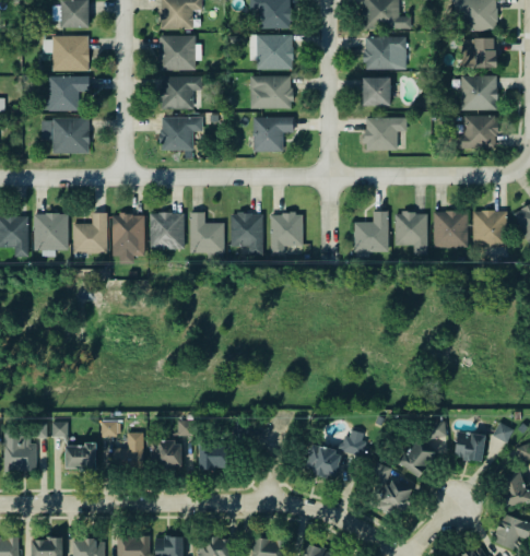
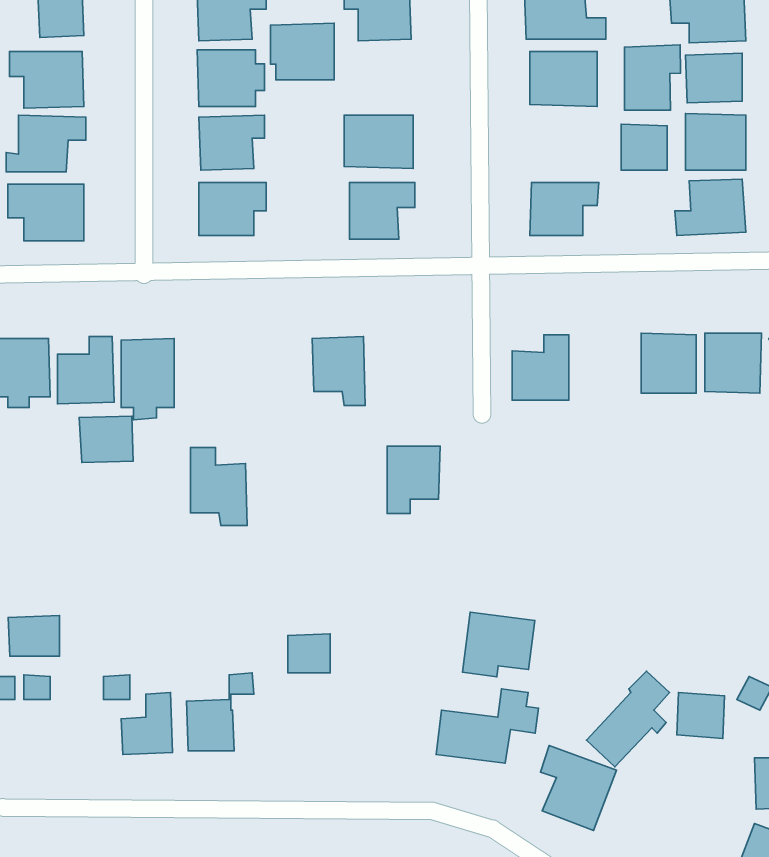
building: none -> [624,45,681,110]
building: [252,34,292,69] -> [270,23,334,80]
building: [362,76,390,105] -> [621,124,667,170]
building: [149,212,184,249] -> none
building: [189,212,224,260] -> [191,447,247,525]
building: [393,212,427,253] -> none
building: [270,213,303,255] -> [387,446,440,513]
building: none -> [79,416,133,463]
building: none -> [462,612,535,677]
building: [64,443,96,469] -> [8,616,59,656]
building: [199,445,225,469] -> [288,634,330,673]

